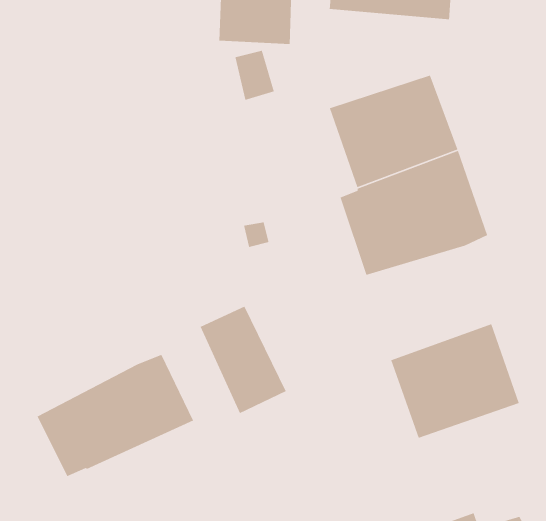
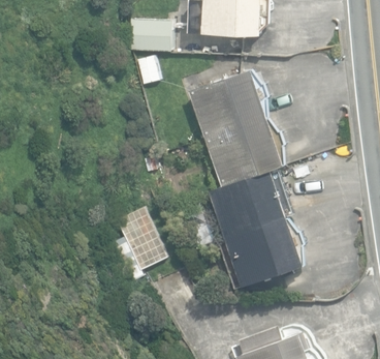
building: none -> [233,183,310,250]
building: [36,354,194,477] -> none

